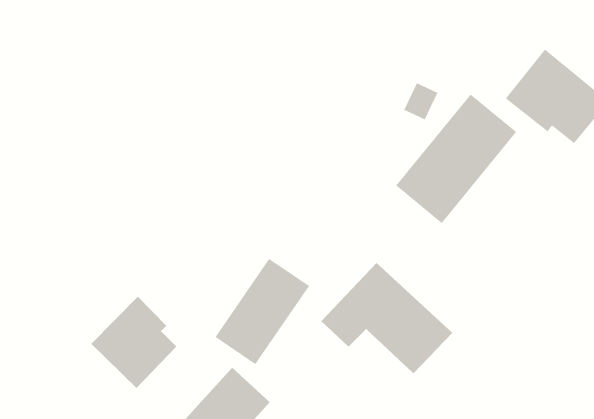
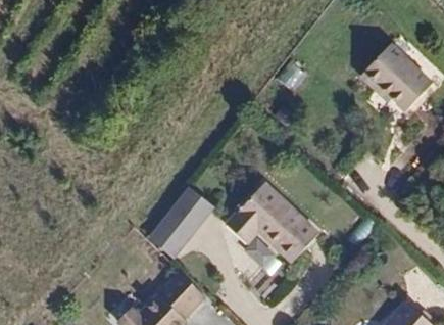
building: [395,93,517,224] -> none
building: [90,296,177,389] -> none

